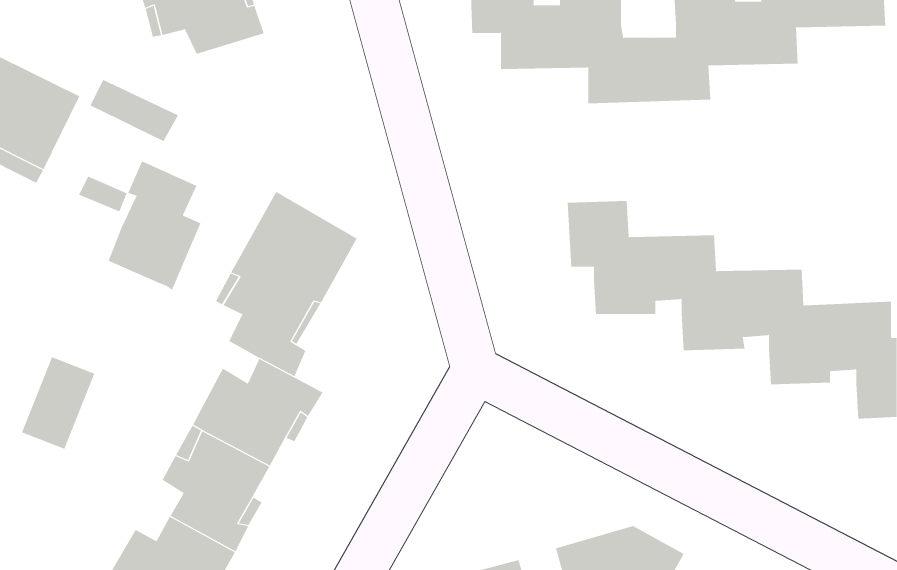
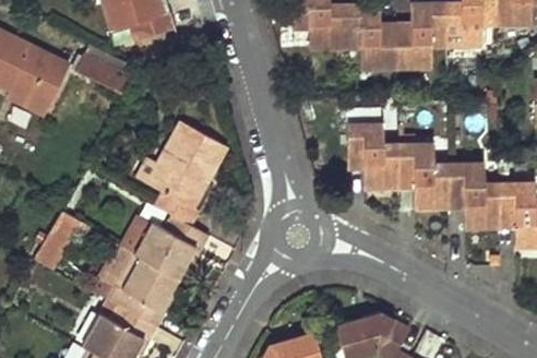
building: [108,161,201,291] -> none

